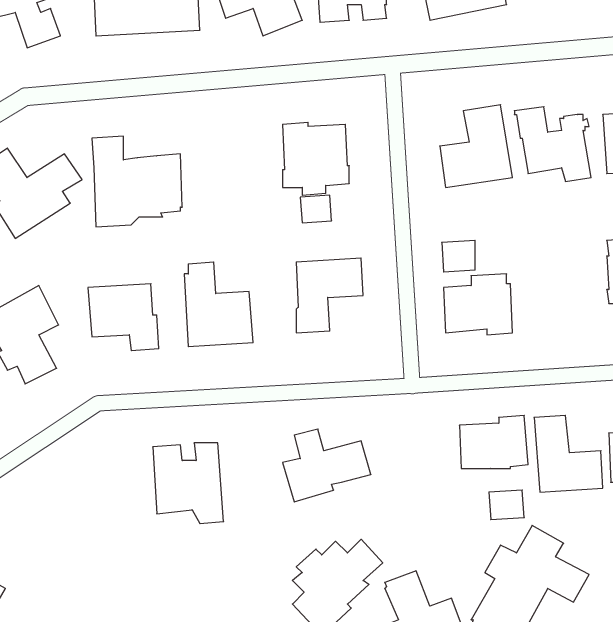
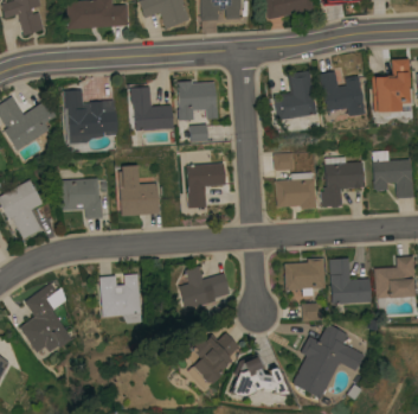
building: none -> [129,87,173,130]
building: none -> [321,157,365,208]
building: none -> [19,282,67,352]

